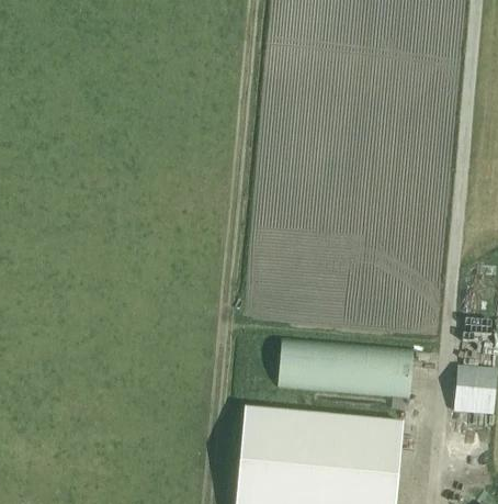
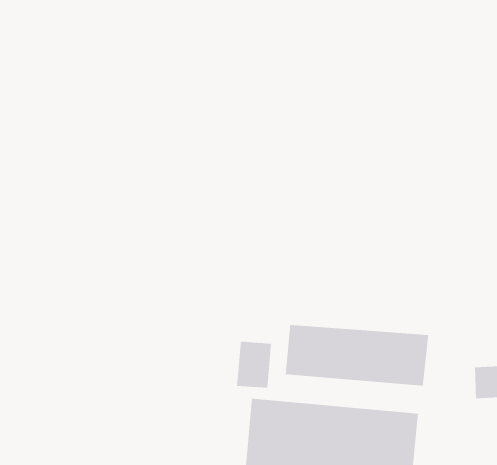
building: none -> [236,341,272,389]

